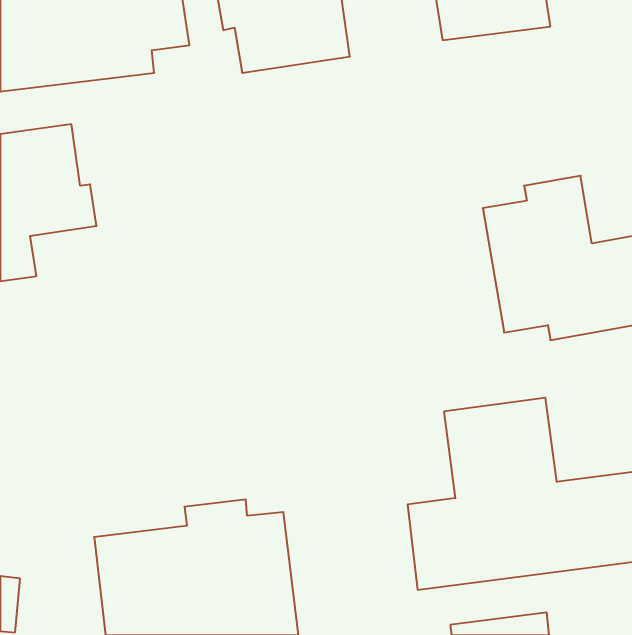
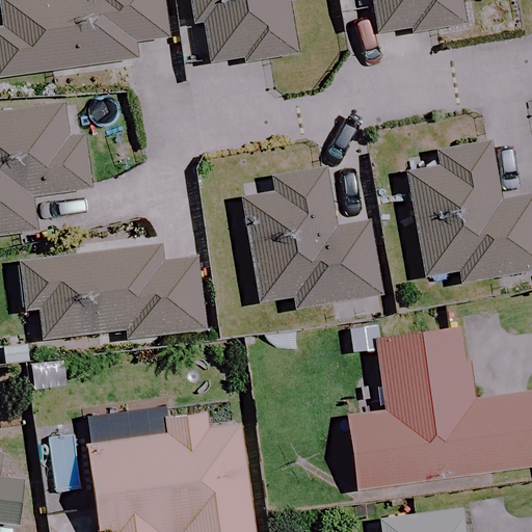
building: none -> [243,171,381,308]
building: none -> [19,244,204,340]

